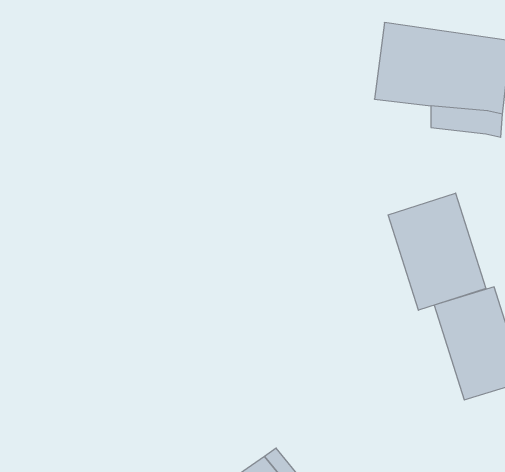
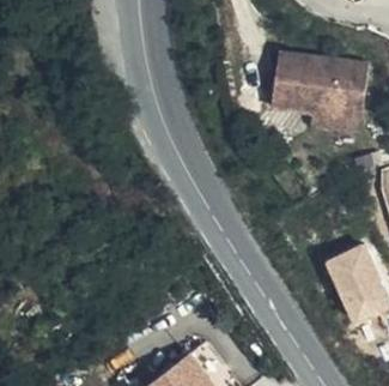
building: [388,193,486,310] -> none

